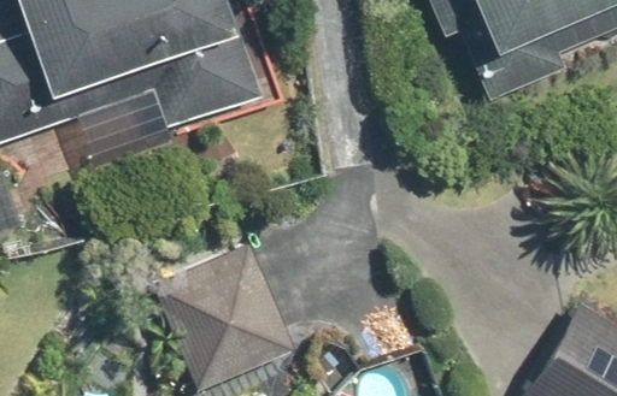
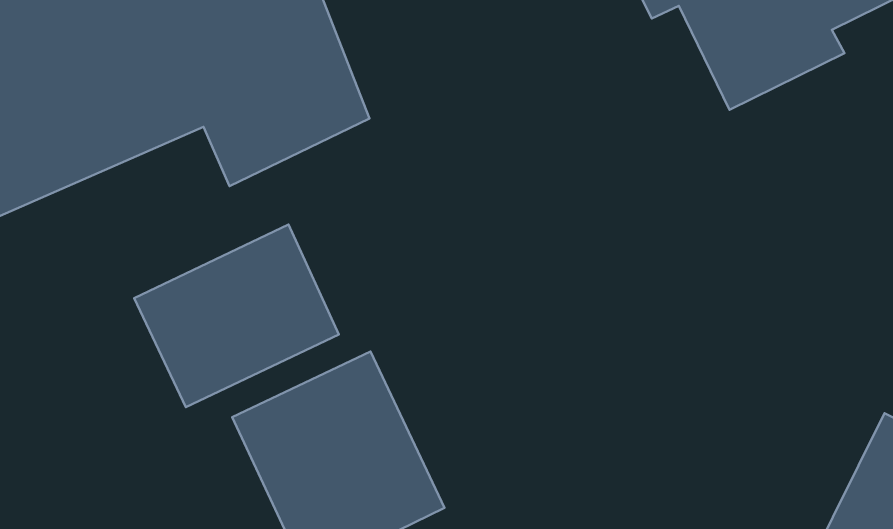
building: none -> [134,225,339,407]

